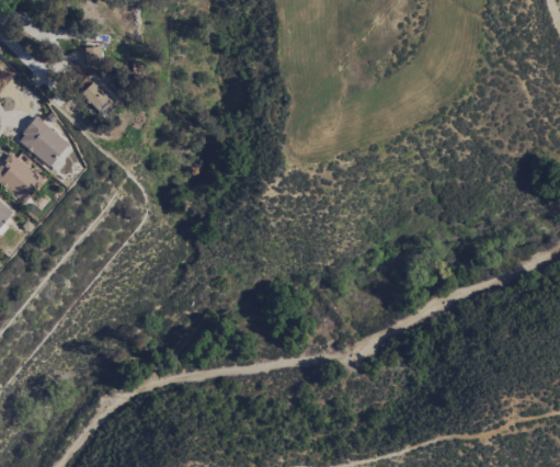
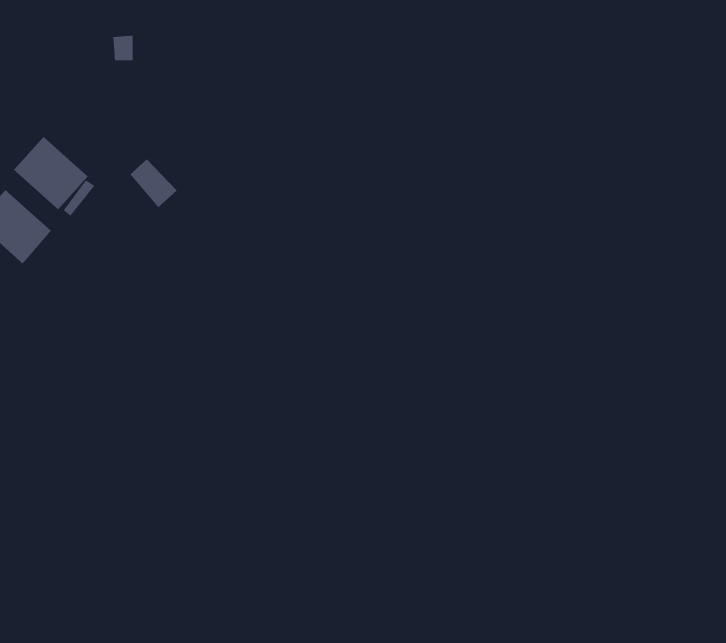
building: [82,82,115,116] -> [129,159,177,208]

